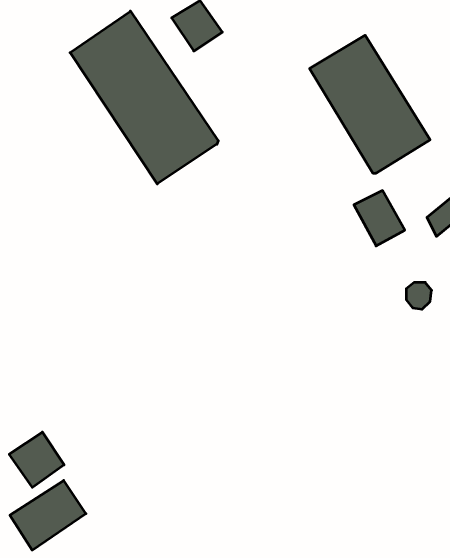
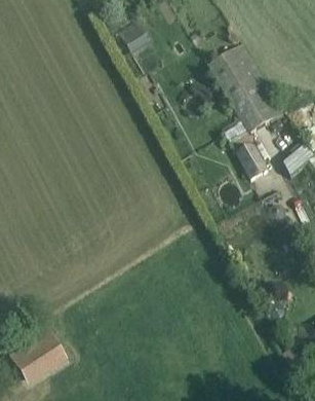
building: [70,11,218,184] -> none
building: [9,432,64,487] -> none

